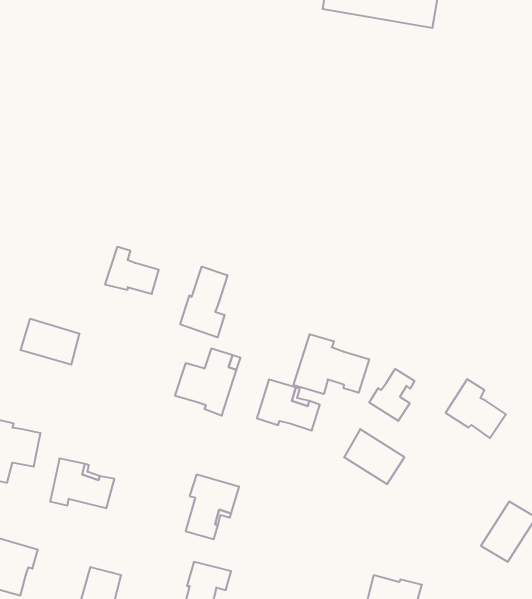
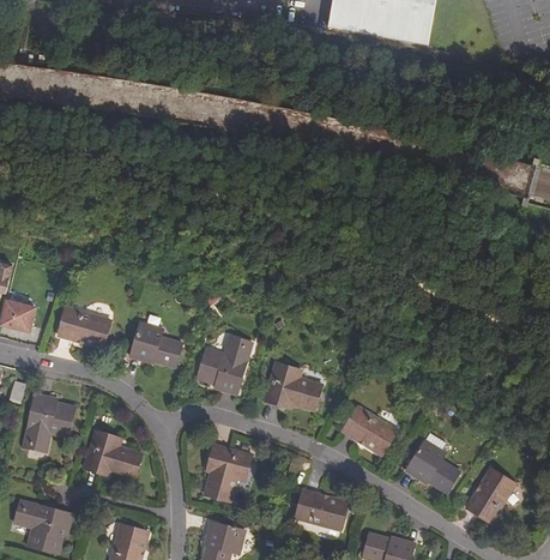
building: [105,247,159,294] -> [129,318,177,360]
building: [180,267,227,337] -> none
building: [294,334,369,394] -> none
building: [369,369,414,421] -> none
building: [446,379,506,438] -> [409,440,463,493]
building: none -> [296,490,349,531]

